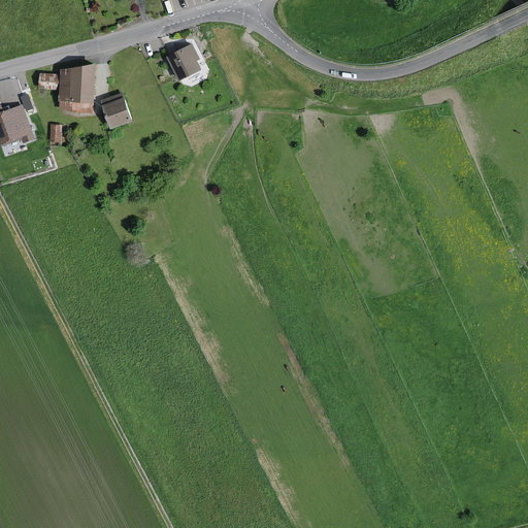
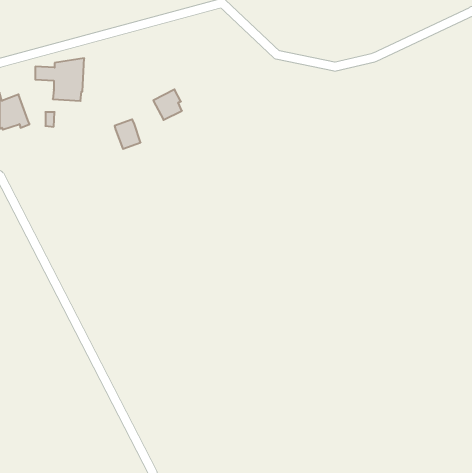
building: [167,45,199,79] -> [153,89,182,120]
building: [101,94,130,127] -> [115,119,141,149]

